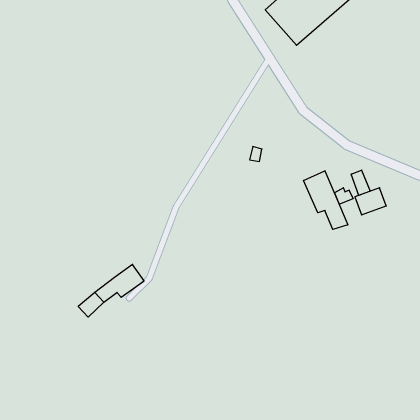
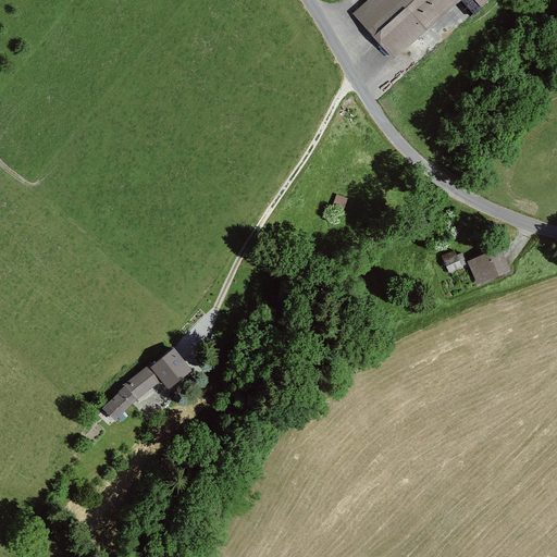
building: [351,170,370,195] -> none
building: [304,171,348,229] -> none

